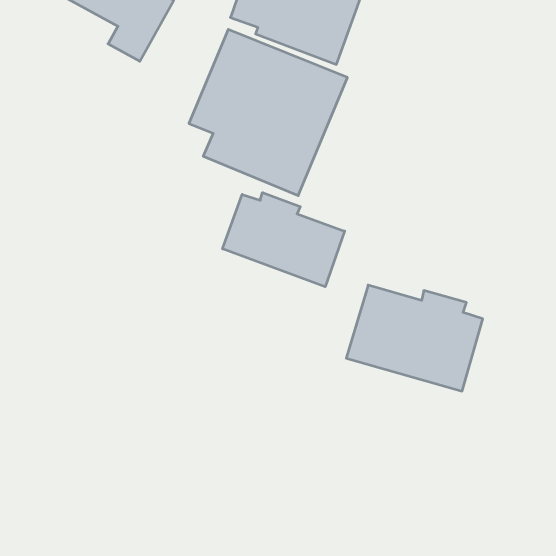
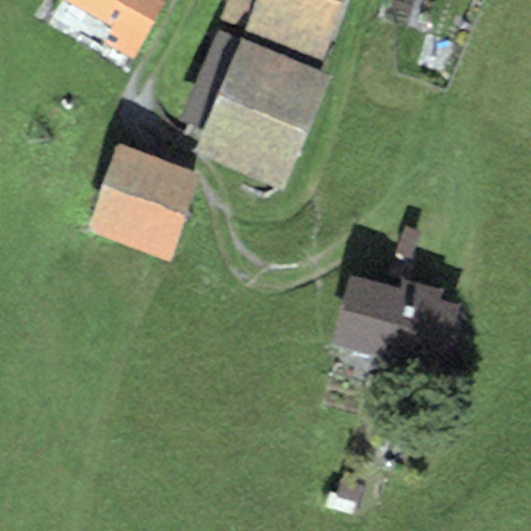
building: none -> [86,141,202,259]
building: [223,193,345,287] -> none

